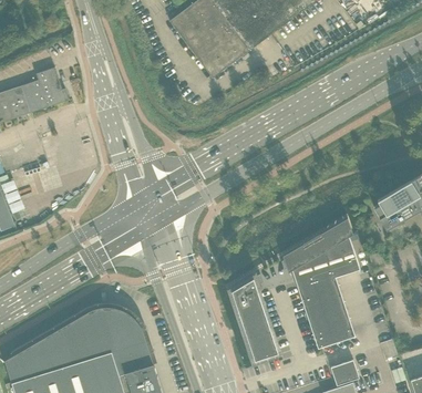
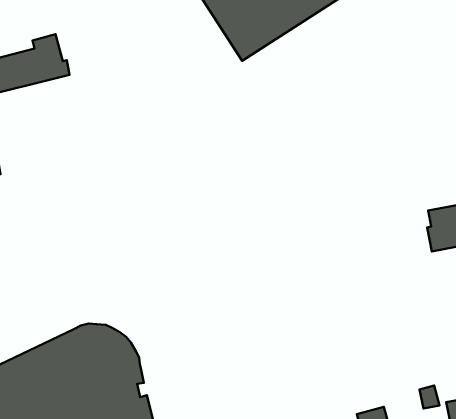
building: [281,217,358,349] -> none
building: [225,271,281,364] -> none

